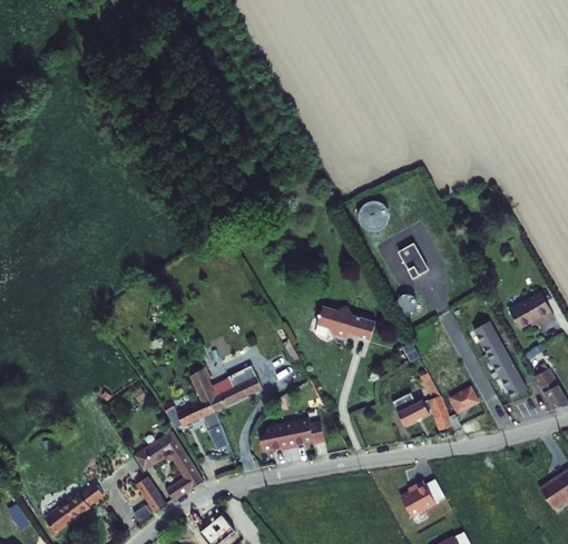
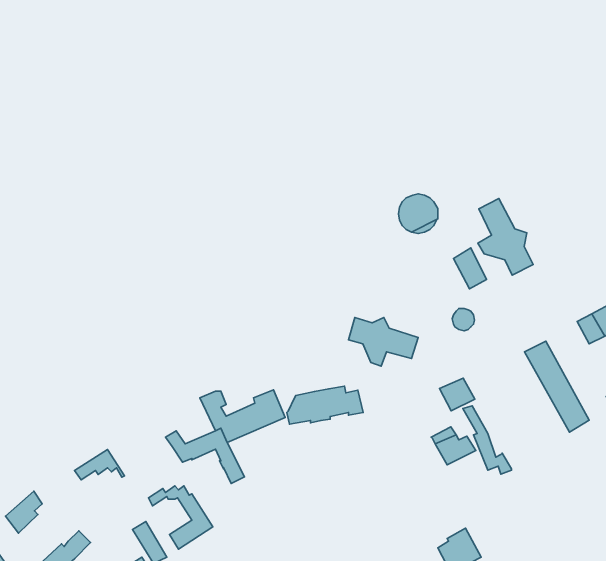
building: none -> [478,198,533,275]
building: [443,390,473,418] -> [439,378,475,411]
building: [264,418,329,451] -> [287,386,363,424]
building: [143,431,185,456] -> [75,449,125,480]
building: none -> [5,491,42,533]

